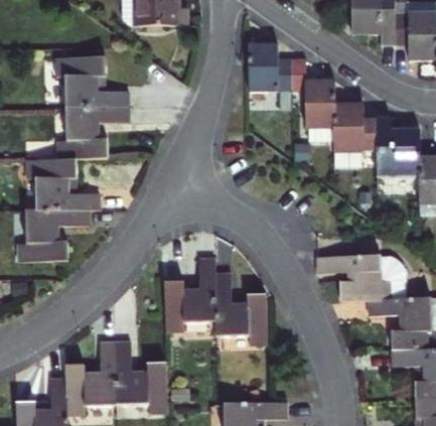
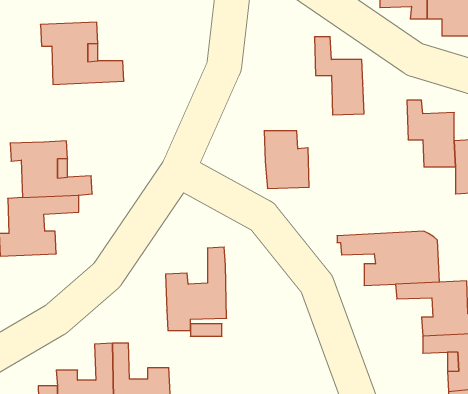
building: [255,52,296,102] -> none
building: [53,107,126,161] -> none
building: [338,109,379,160] -> [264,131,309,188]
building: [215,271,269,341] -> none

